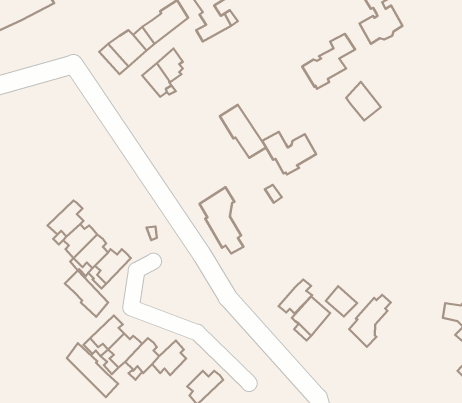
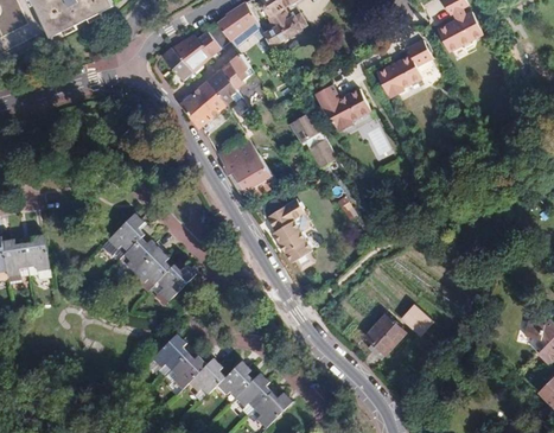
building: none -> [180,82,225,128]
building: [346,82,381,121] -> none
building: none -> [217,138,272,192]
building: [262,132,316,175] -> [313,85,370,130]
building: [65,270,108,317] -> none
building: [278,279,312,313] -> none
building: [349,295,391,347] -> none
building: [67,343,118,397] -> none
building: none -> [235,372,270,409]

